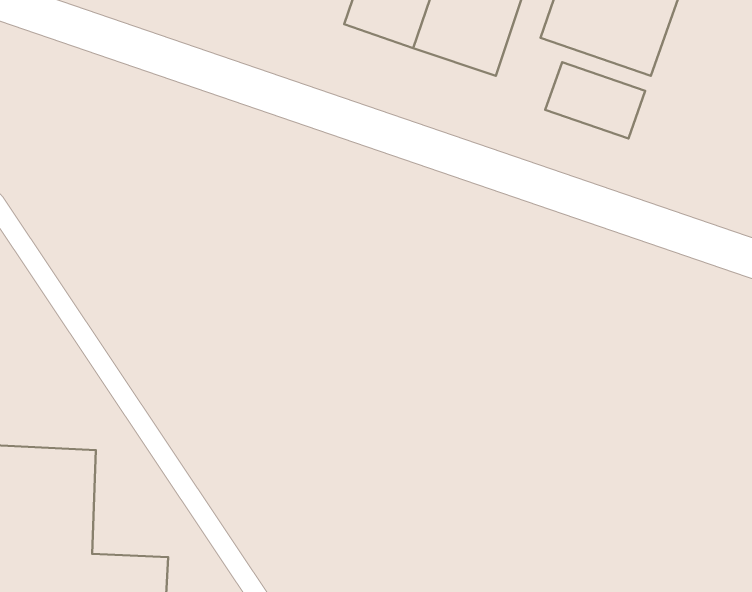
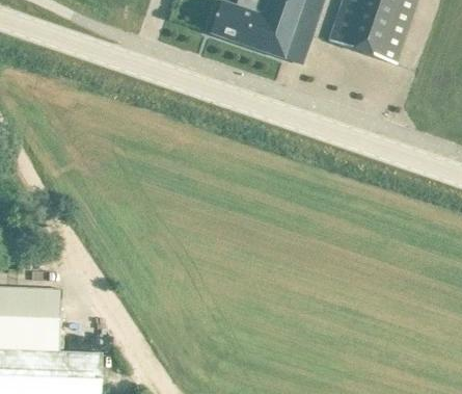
building: [545,62,645,138] -> none

